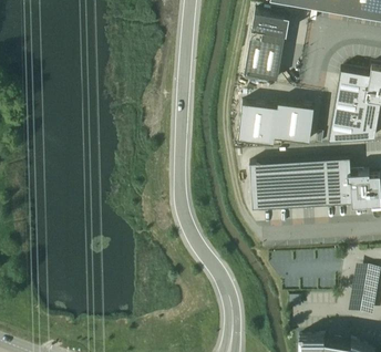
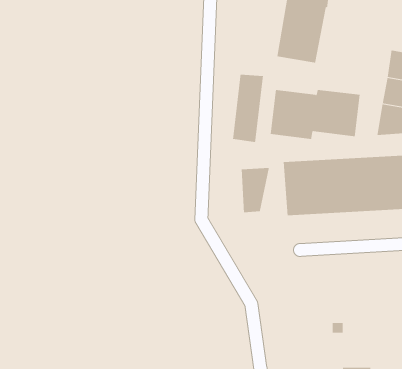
building: none -> [232,74,263,143]
building: none -> [241,167,269,213]

